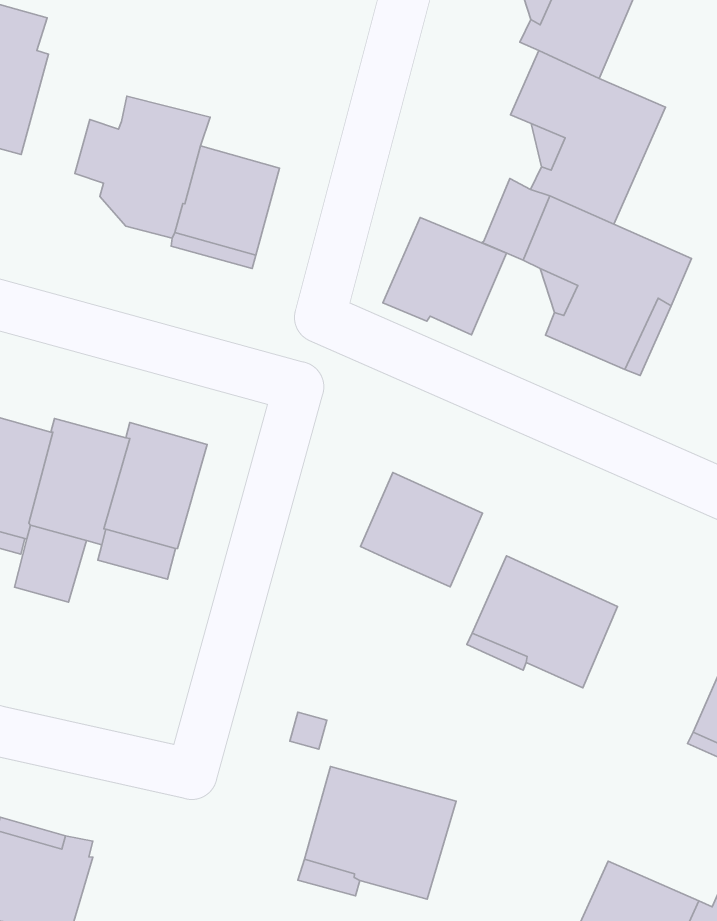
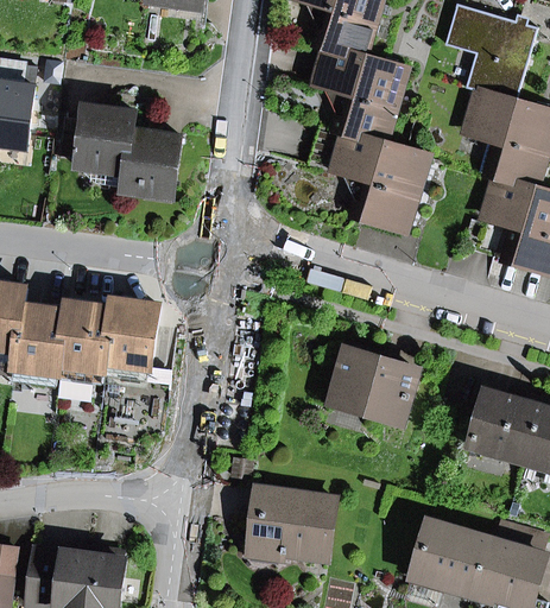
building: [383,218,506,335] -> none
building: [360,472,483,587] -> none

